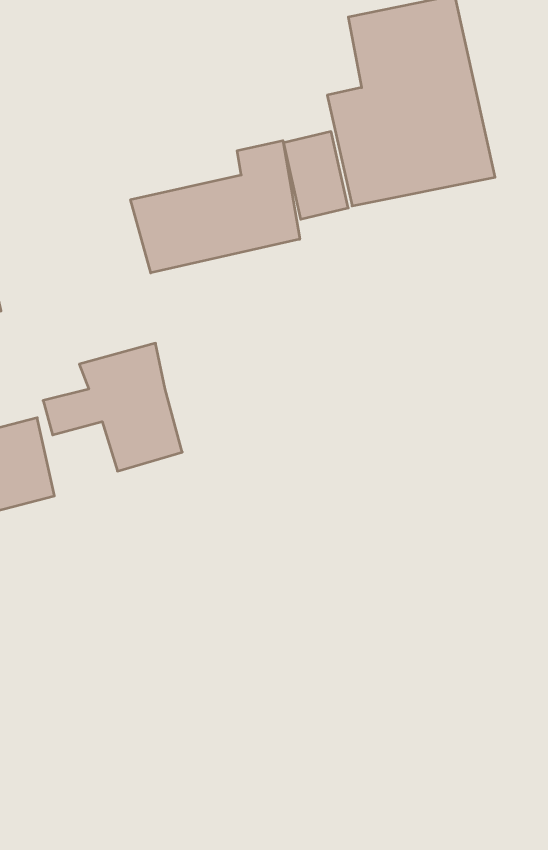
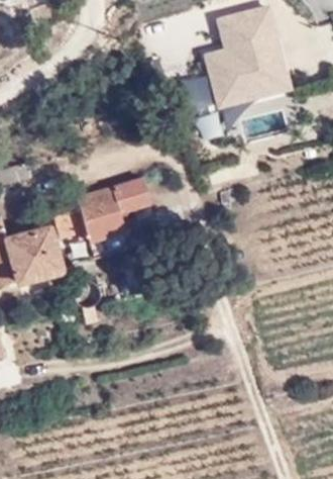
building: [131,141,300,273] -> none
building: none -> [113,179,150,212]

